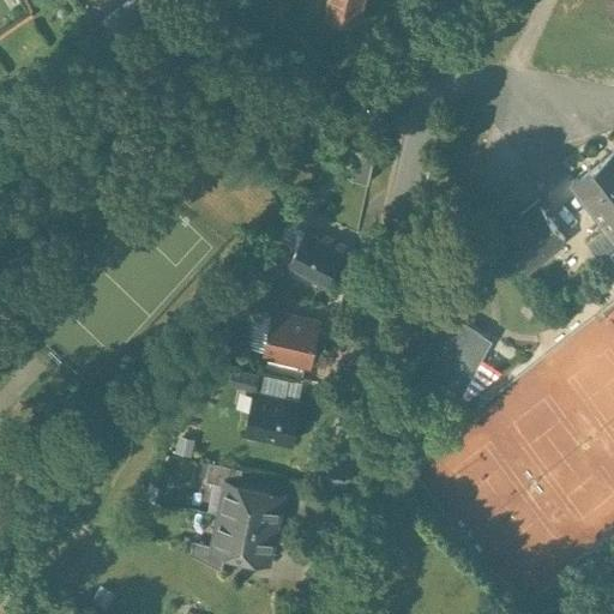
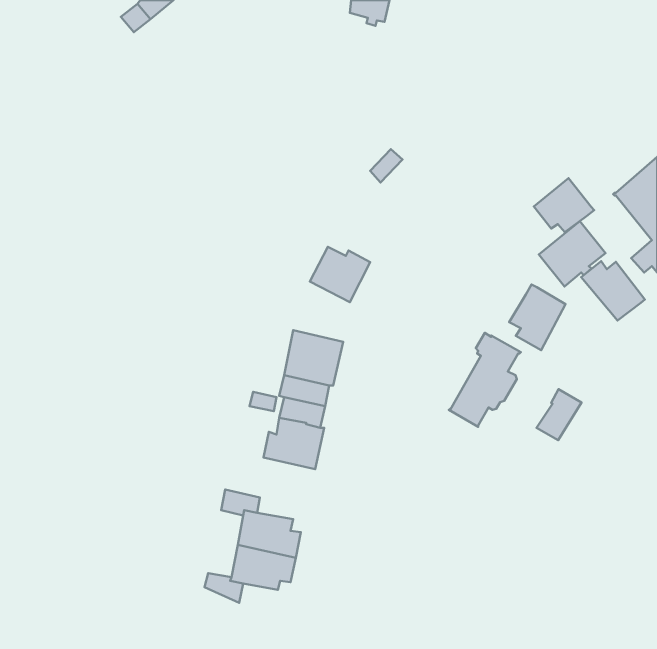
building: none -> [534,178,594,232]
building: none -> [581,261,645,321]
building: none -> [509,285,565,350]
building: none -> [537,389,581,440]

